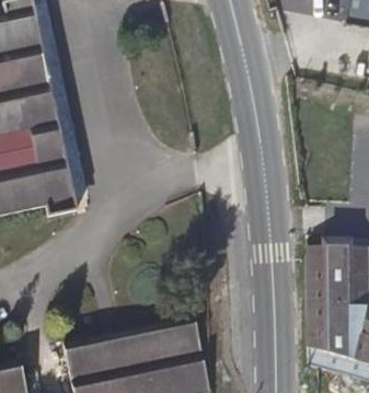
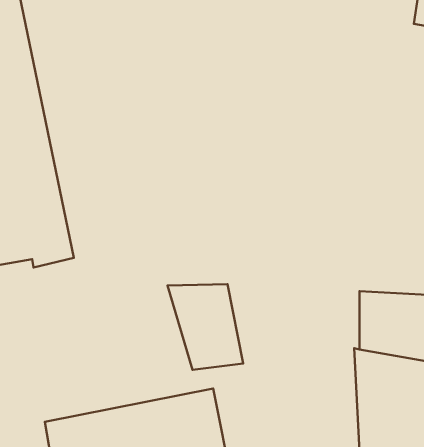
building: none -> [168,284,243,370]

